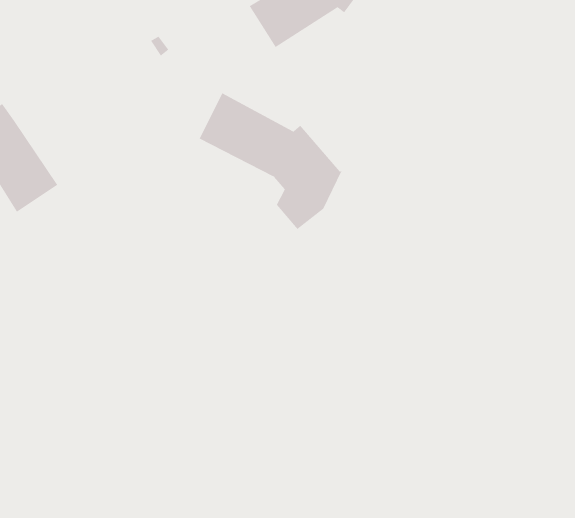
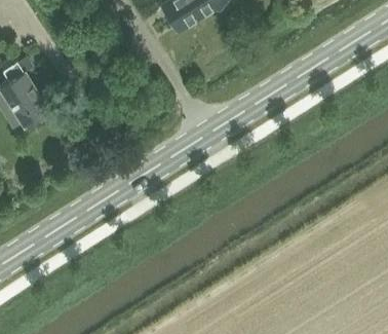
building: [199,92,342,230] -> none

